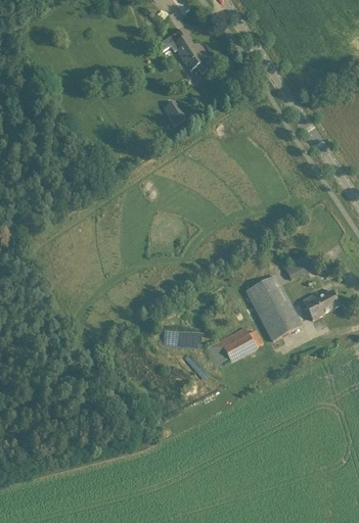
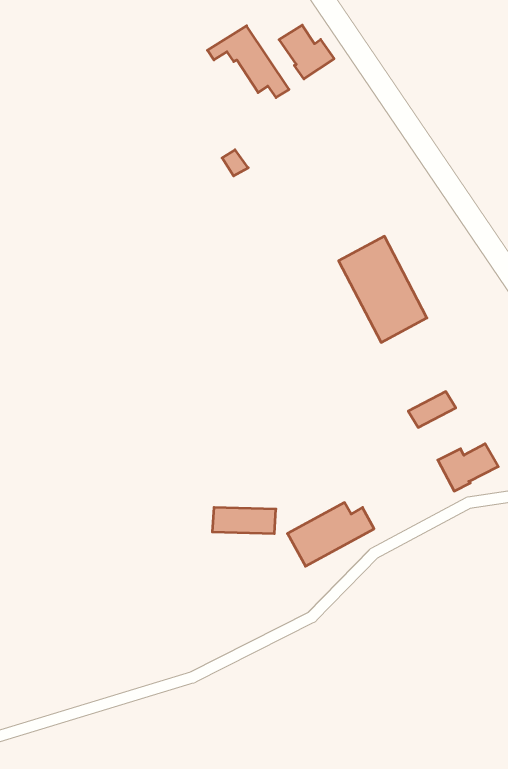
building: none -> [279,25,334,79]
building: [245,274,301,340] -> [339,236,427,342]

